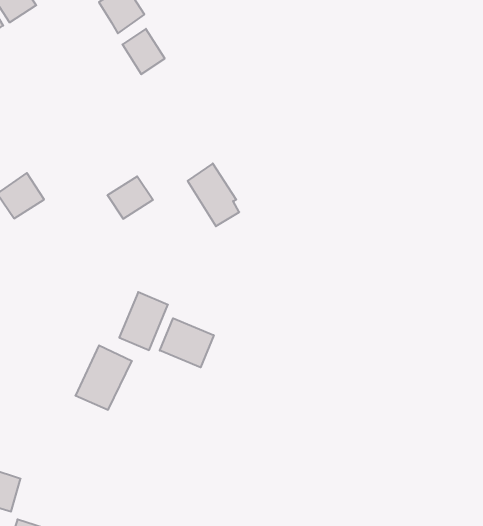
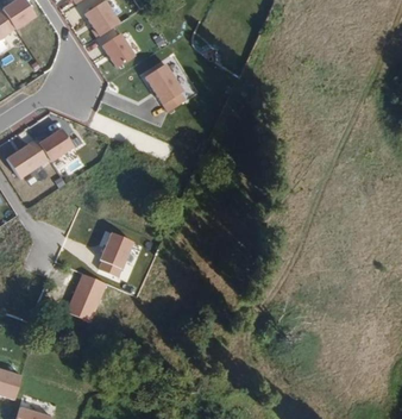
building: [188,163,239,226] -> [145,62,184,110]
building: [107,176,153,219] -> [38,127,73,160]
building: [160,318,214,367] -> none

